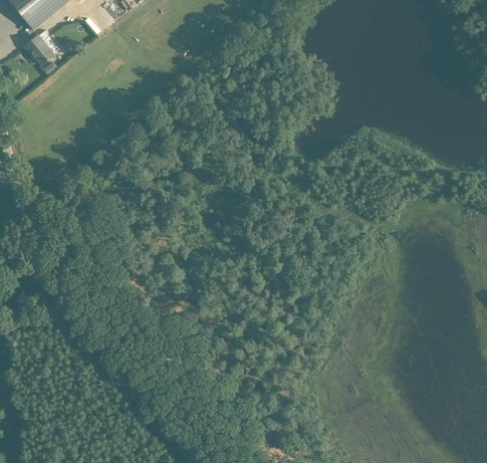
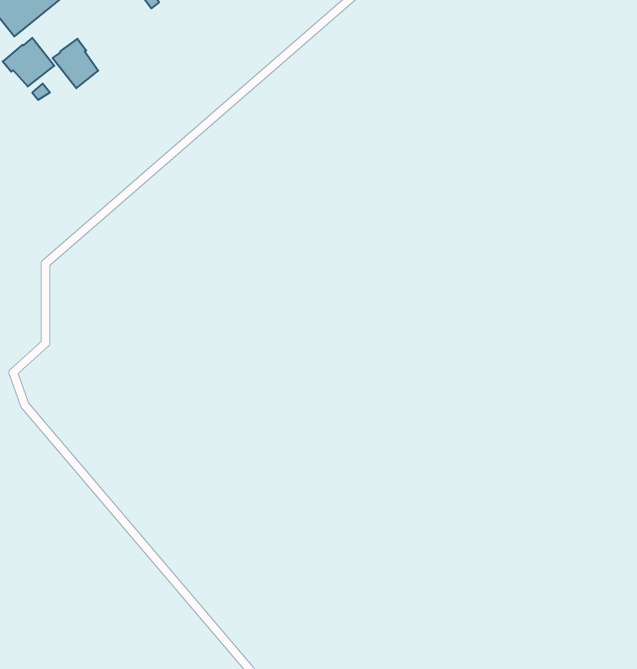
building: none -> [53,39,98,88]

